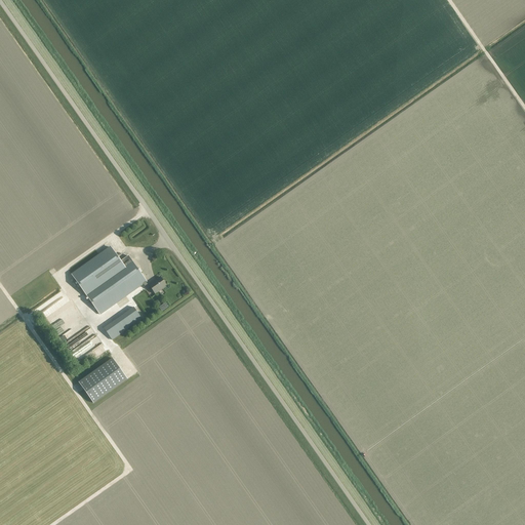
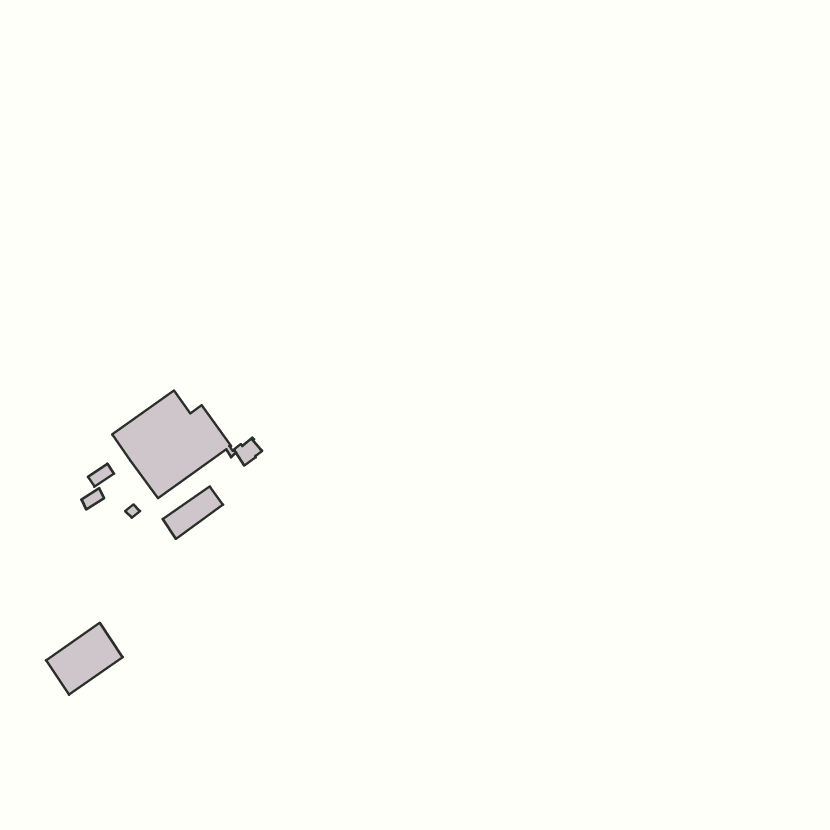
building: [78,356,126,401] -> [46,623,123,695]

